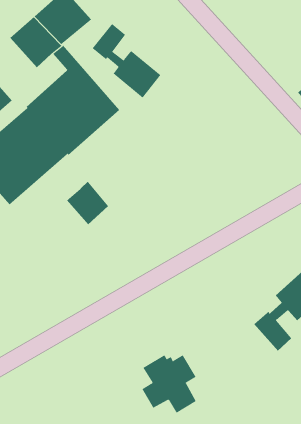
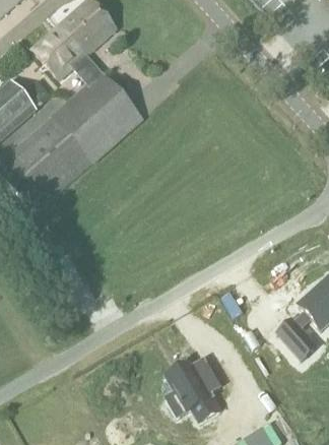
building: [92,23,161,98] -> none
building: [66,181,109,225] -> none

